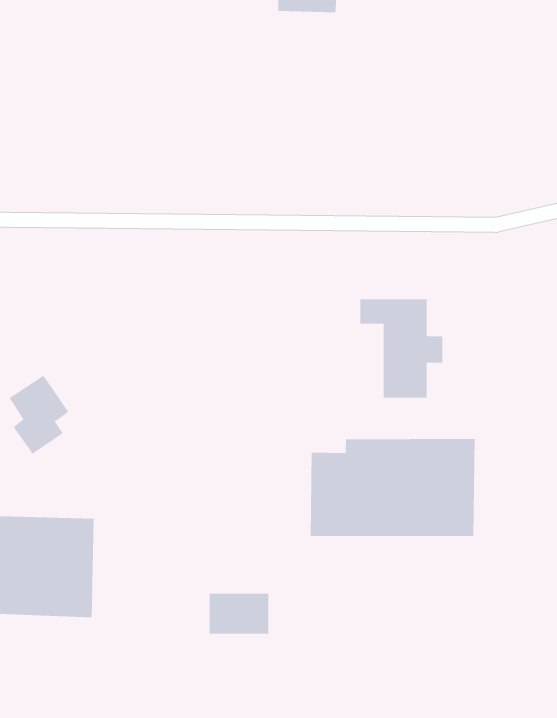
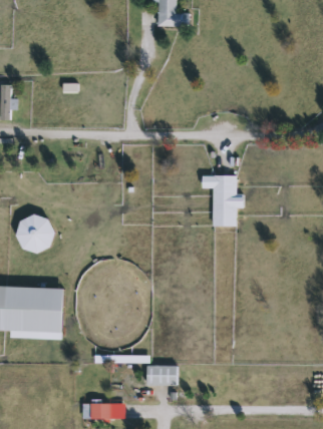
building: [310,438,475,537] -> none
building: [209,593,269,634] -> [145,364,177,385]

